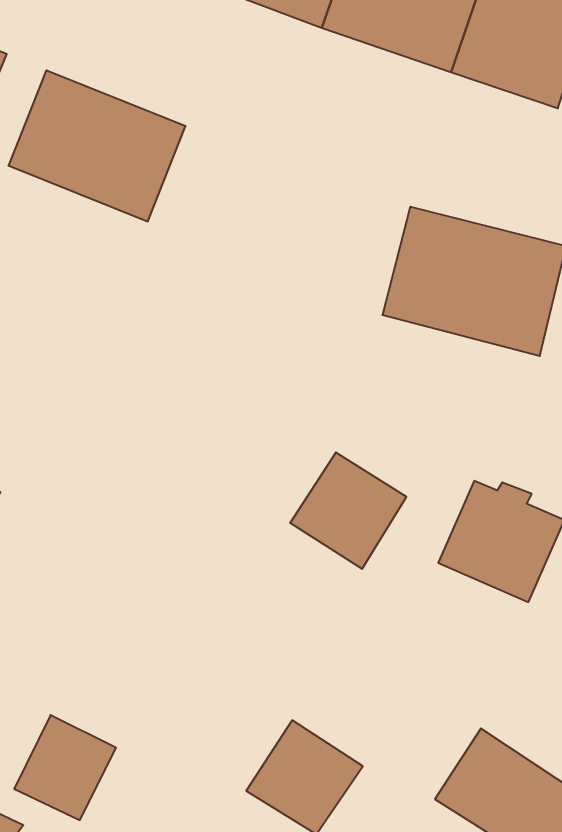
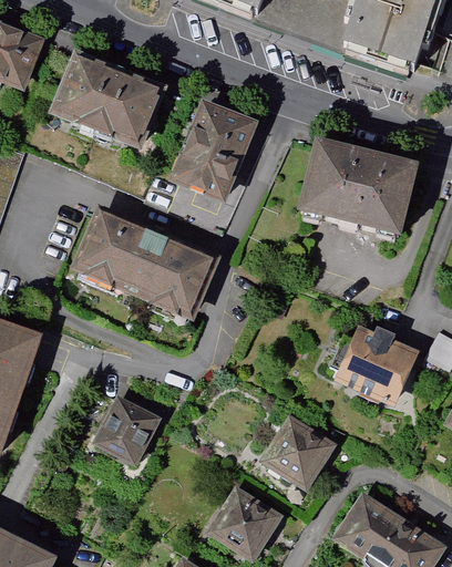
building: none -> [174,100,257,203]
building: none -> [73,208,219,321]
building: [290,452,406,569] -> [259,414,338,493]
building: [14,715,116,820] -> [92,395,161,466]

